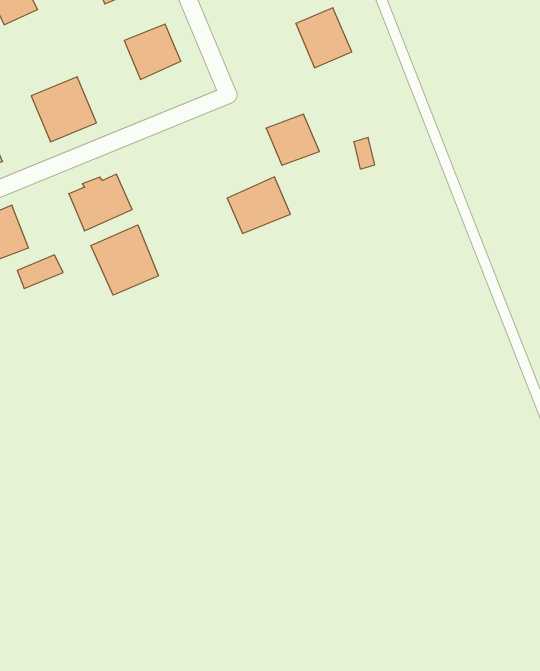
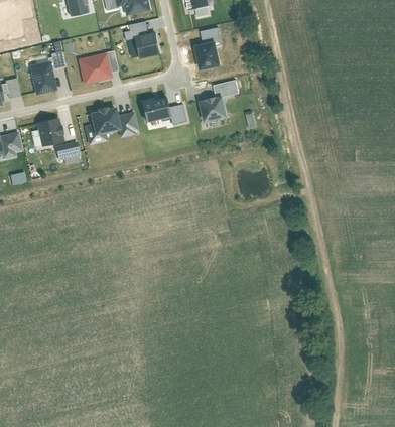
building: [296,8,352,68] -> [194,40,222,70]
building: [227,177,290,233] -> [141,95,173,122]
building: [91,225,158,295] -> none

